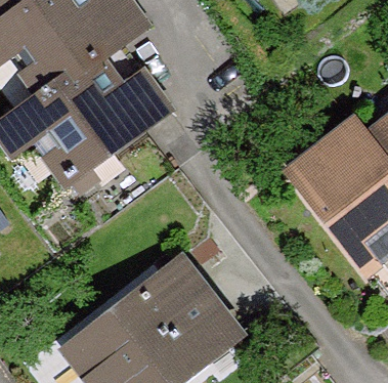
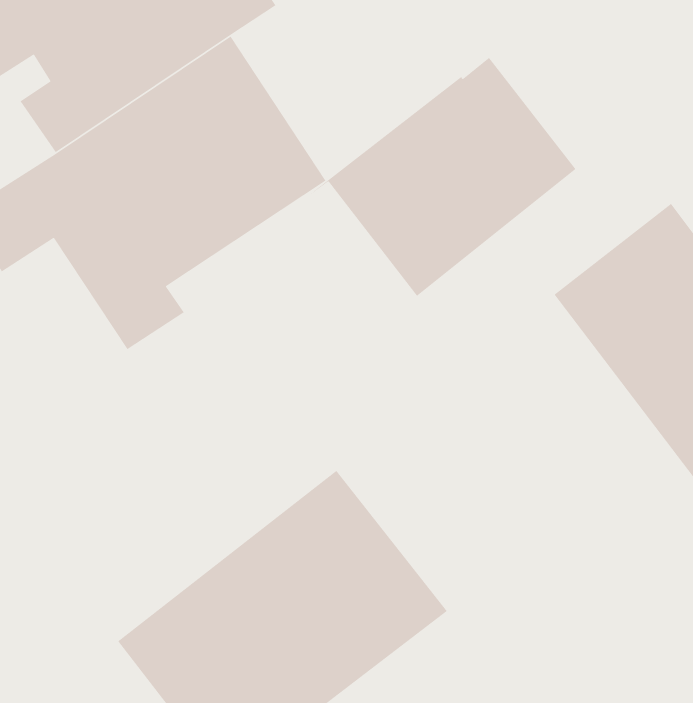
building: none -> [300,57,577,297]

